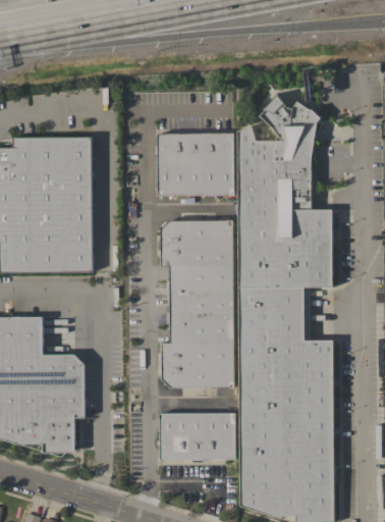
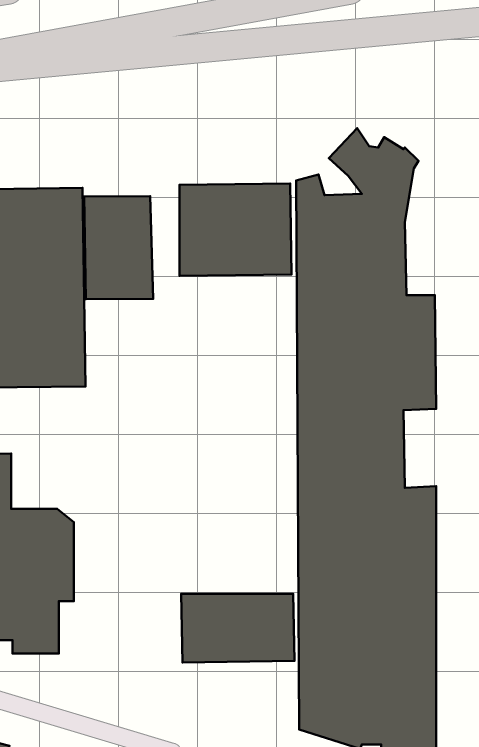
building: none -> [84,196,153,299]
building: [160,220,234,387] -> none

